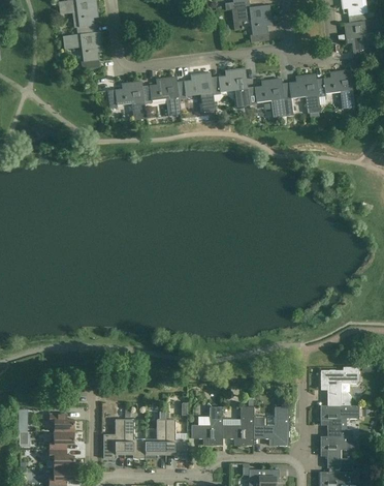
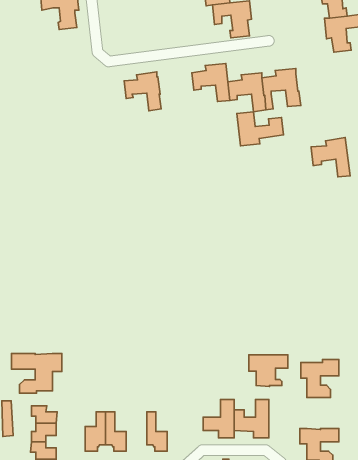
building: [63,31,102,69] -> none
building: [315,68,354,108] -> [311,138,350,177]
building: [177,72,215,111] -> none
building: [107,81,146,120] -> none
building: none -> [237,112,283,146]
building: none -> [11,353,62,393]
building: [319,404,358,436] -> [249,355,288,387]
building: [190,406,222,445] -> none
building: [145,419,165,458] -> none

